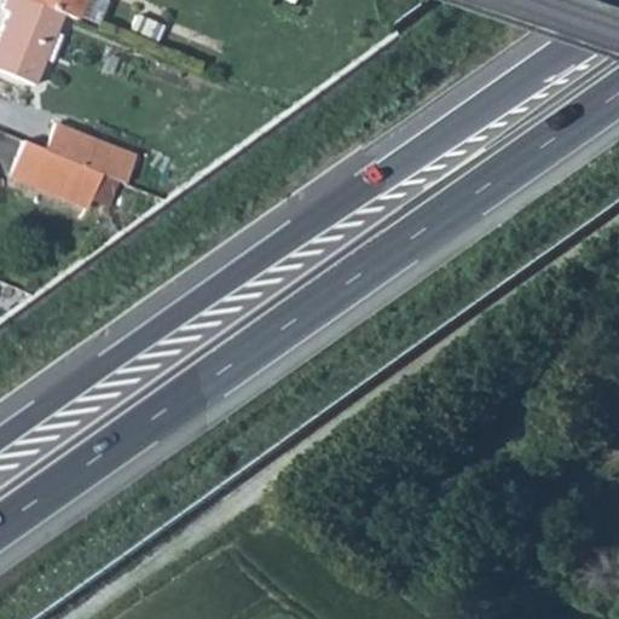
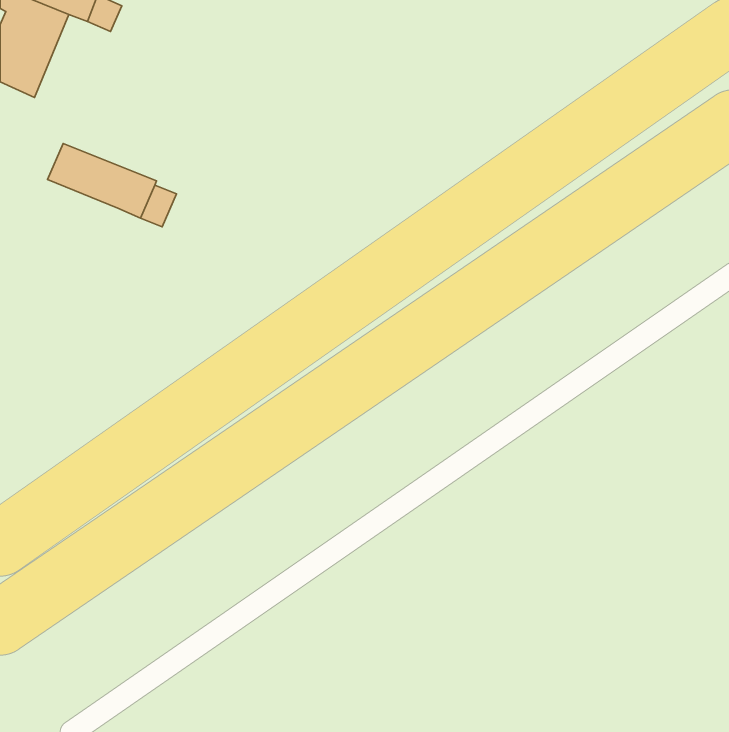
building: [11,144,103,208] -> none

